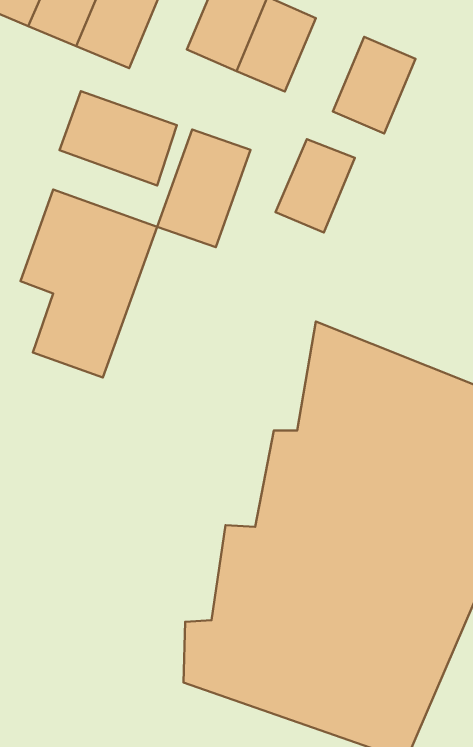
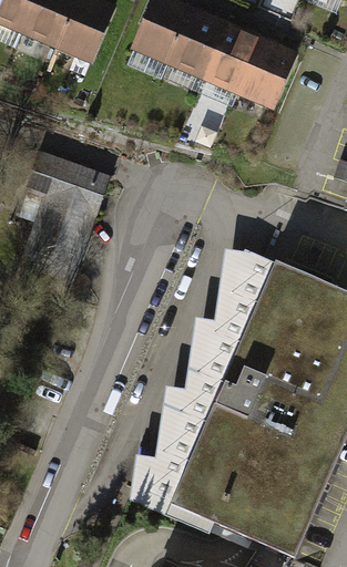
building: [60,91,177,185] -> none
building: [157,129,251,247] -> none
building: [276,139,355,233] -> [204,27,261,93]

